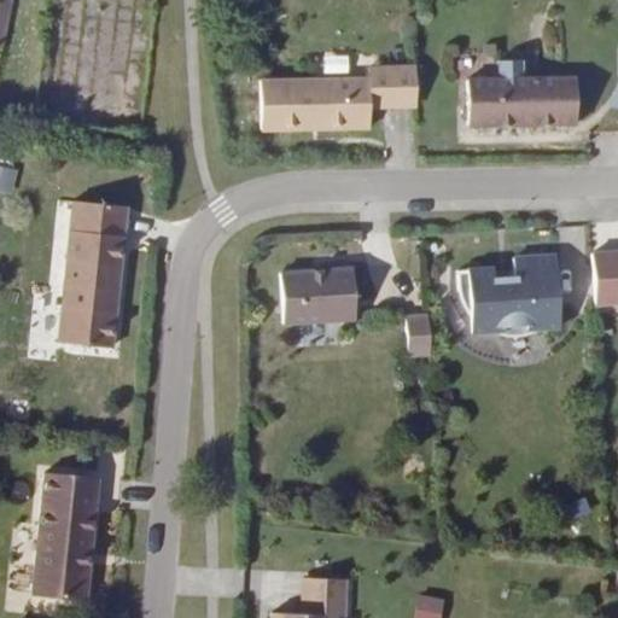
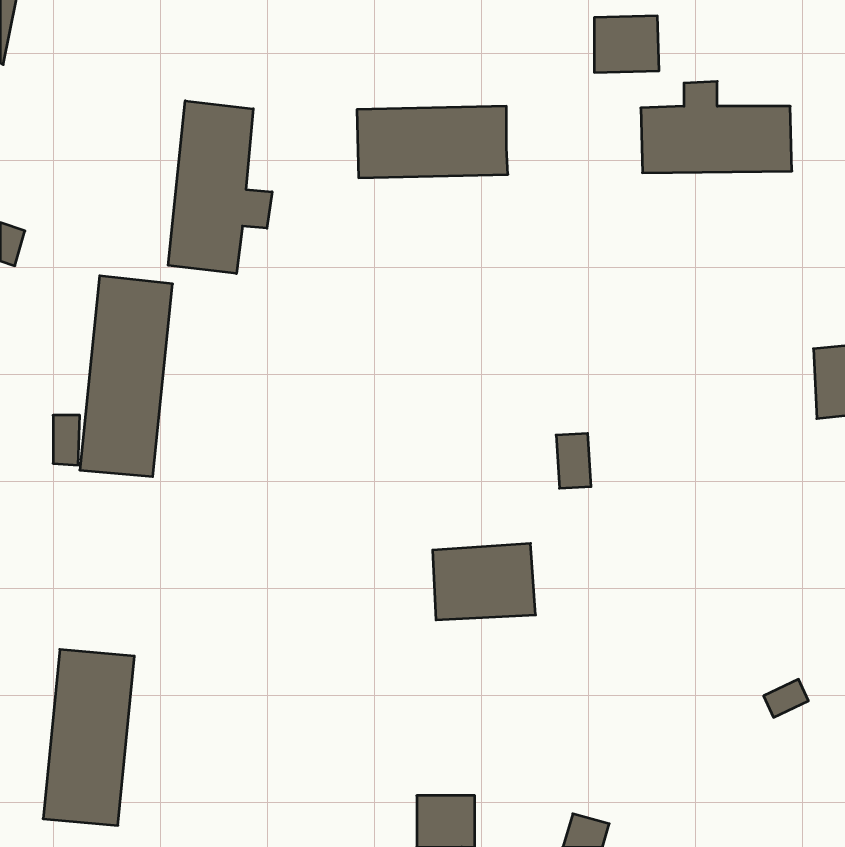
building: [371,66,418,107] -> [594,16,659,72]
building: none -> [168,101,272,274]
building: [459,255,561,336] -> none
building: [282,267,357,322] -> [433,543,536,620]

